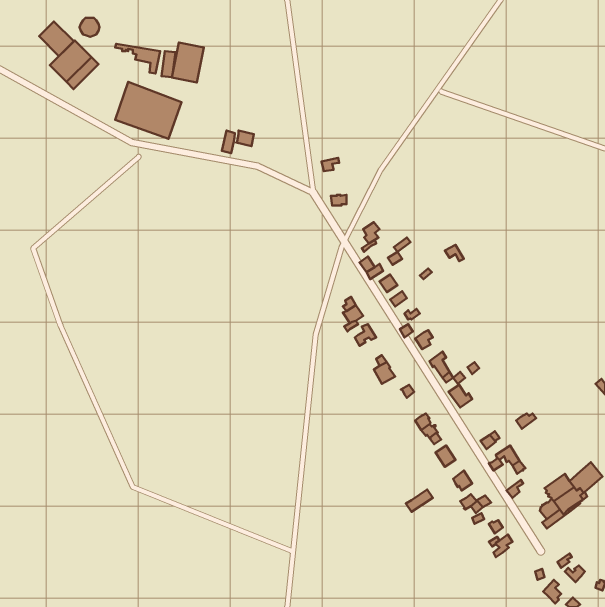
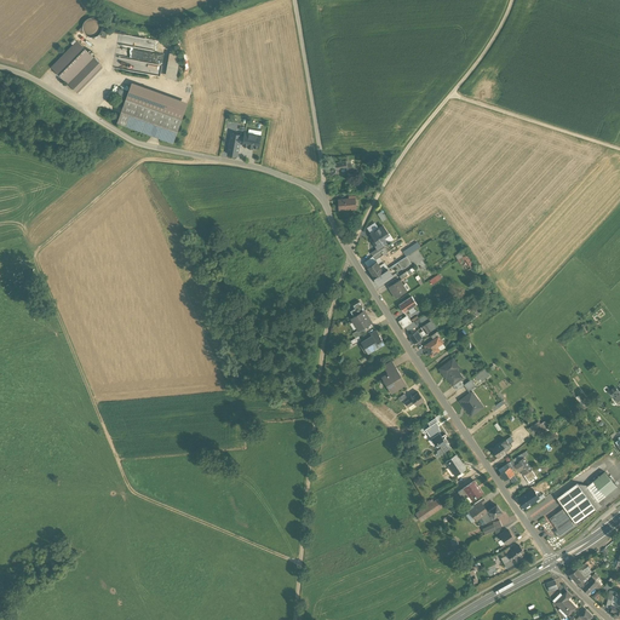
building: [39,21,74,56] -> none
building: [172,42,204,82] -> none

